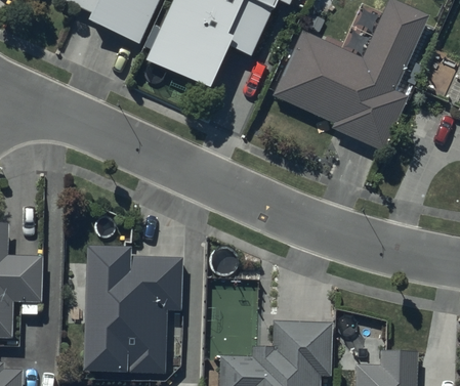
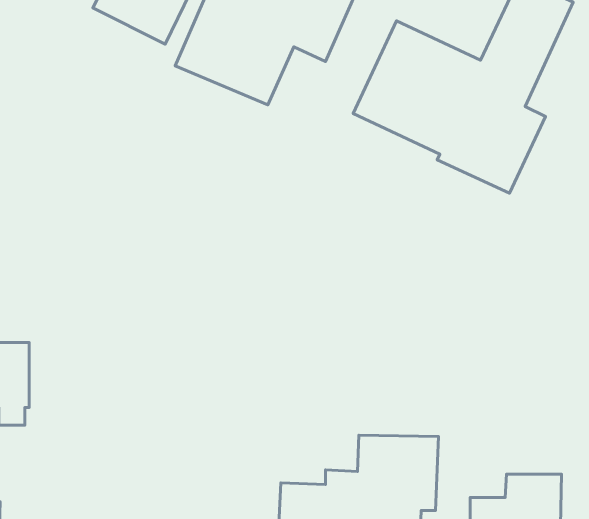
building: [82,245,181,373] -> none

